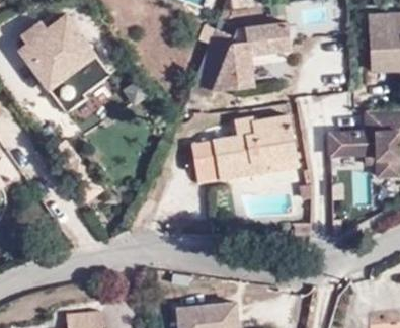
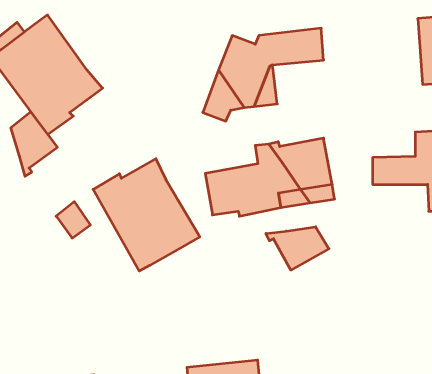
building: none -> [11,112,57,176]
building: none -> [93,159,200,271]
building: none -> [266,227,329,270]

